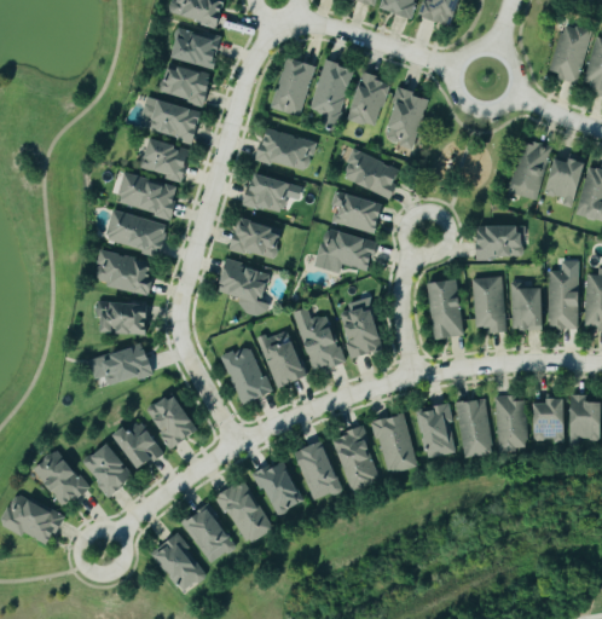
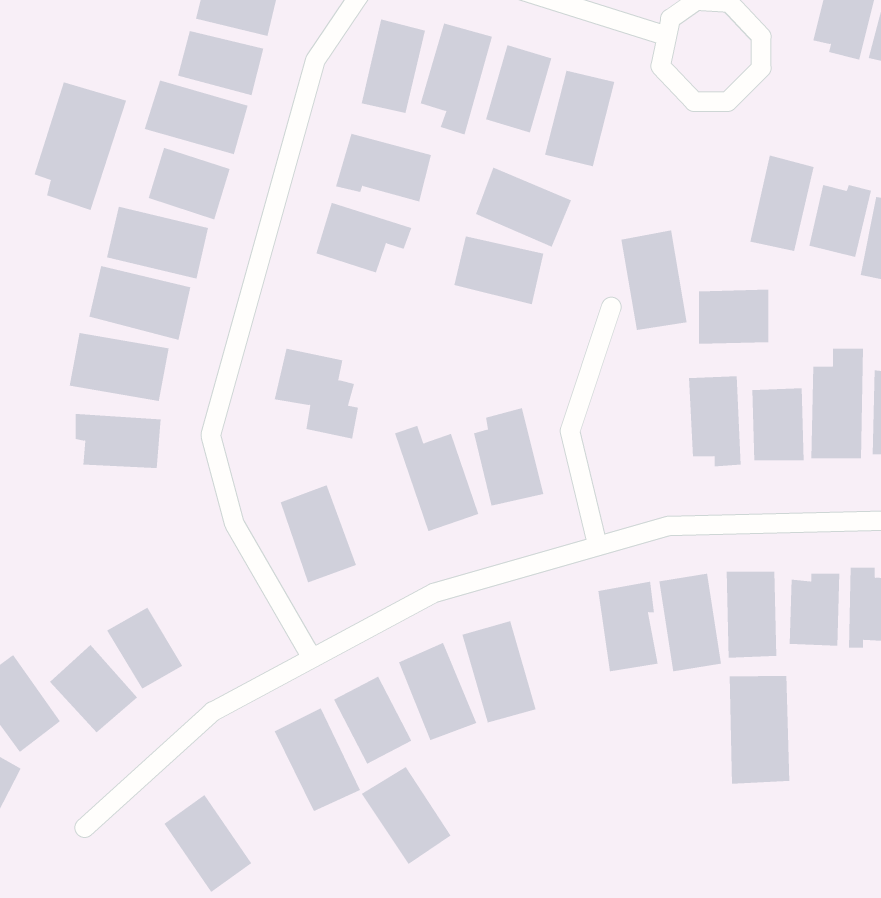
building: none -> [34,82,127,211]
building: [228,218,282,260] -> none
building: [314,226,376,272] -> none
building: [424,277,465,339] -> [621,230,688,330]
building: [257,328,306,388] -> none
building: [86,342,152,387] -> none
building: [145,392,198,449] -> none
building: [372,413,416,474] -> none
building: none -> [729,675,790,784]
building: [179,504,235,565] -> [361,766,452,865]

